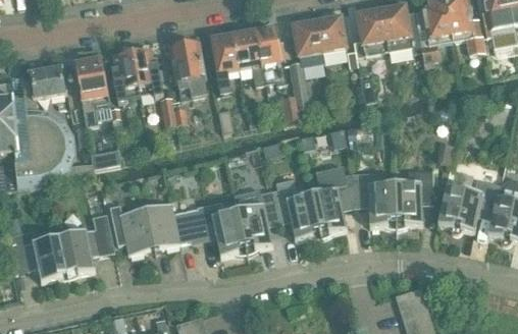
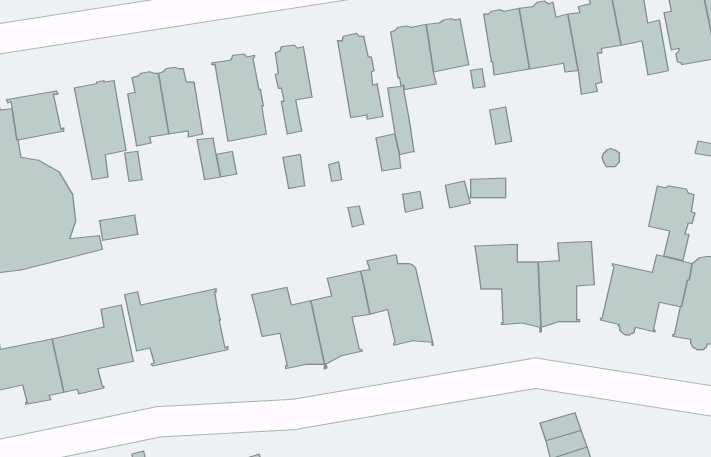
building: [231,29,264,84] -> none
building: none -> [649,186,695,261]
building: [308,164,354,239] -> none
building: [172,209,204,241] -> none

